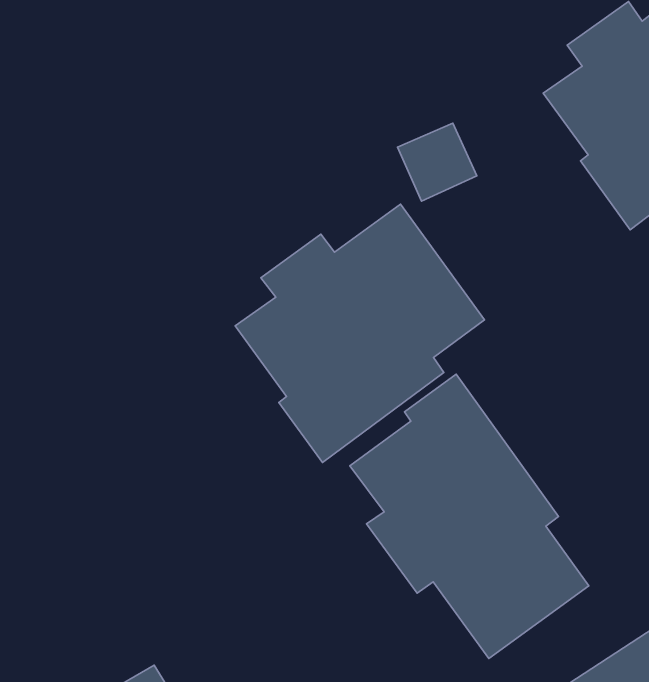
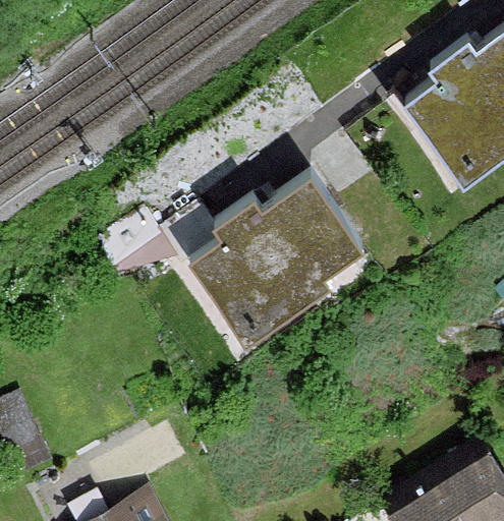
building: [350,374,589,658] -> none

